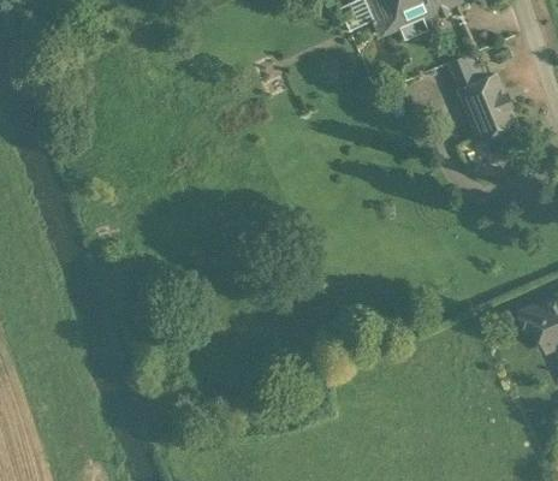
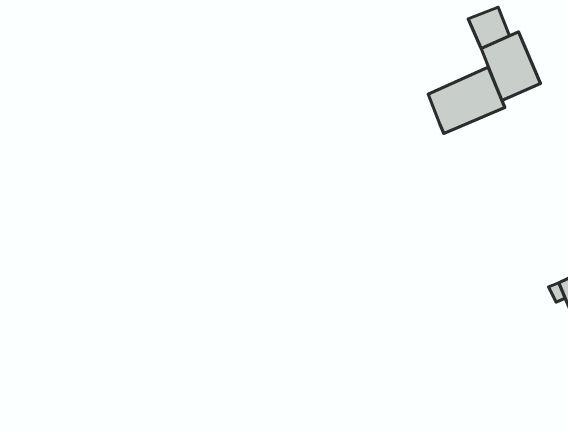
building: none -> [428,67,505,134]

